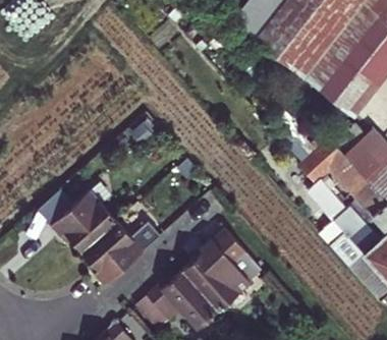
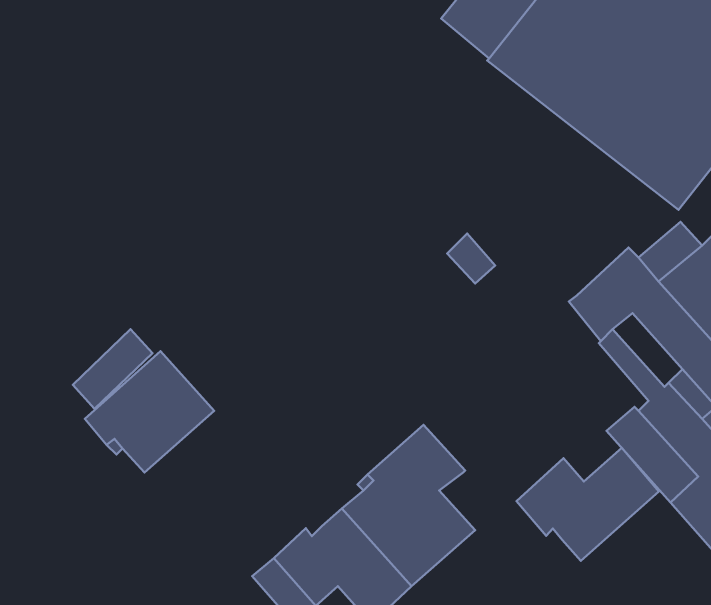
building: [81,221,144,286] -> none
building: none -> [517,448,659,561]

